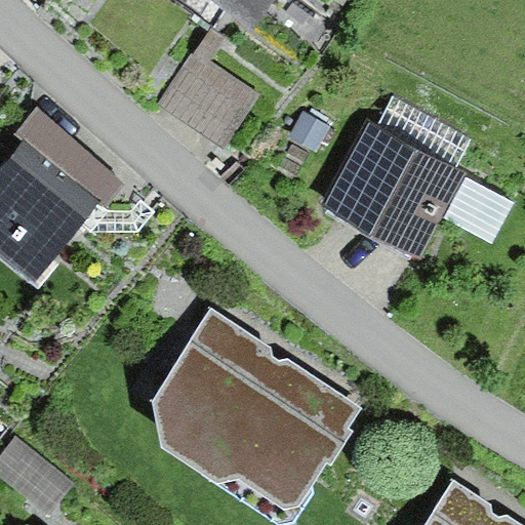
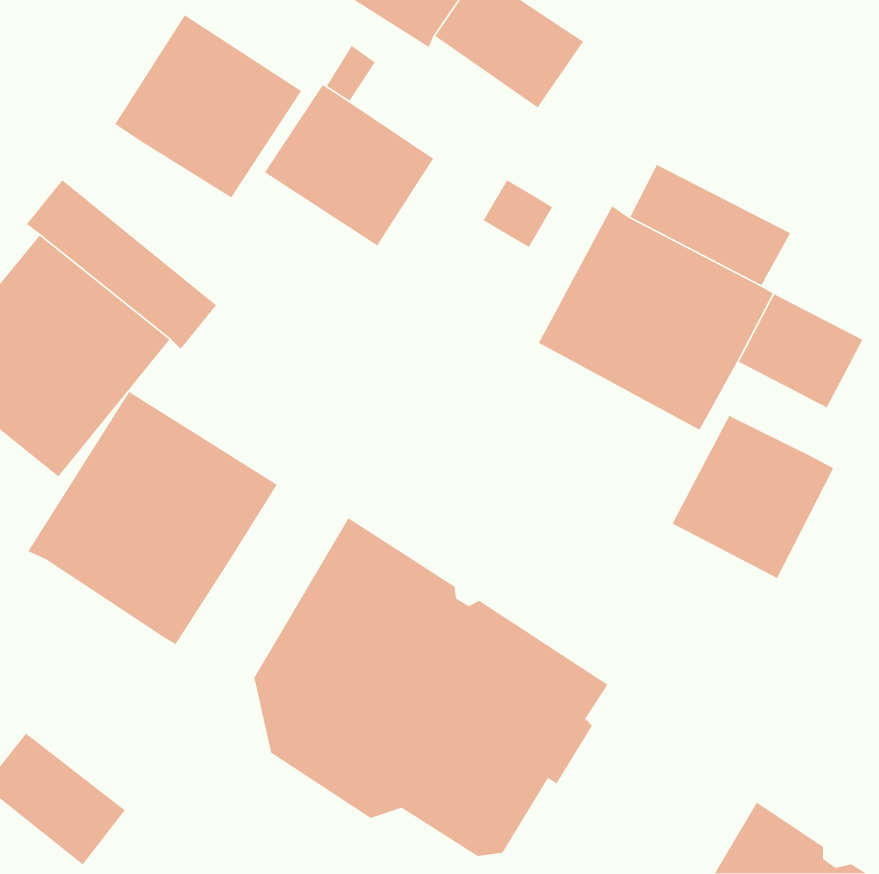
building: none -> [115,14,302,199]
building: none -> [27,391,278,645]
building: none -> [672,415,834,579]

